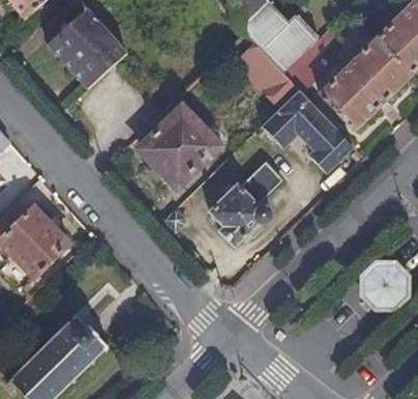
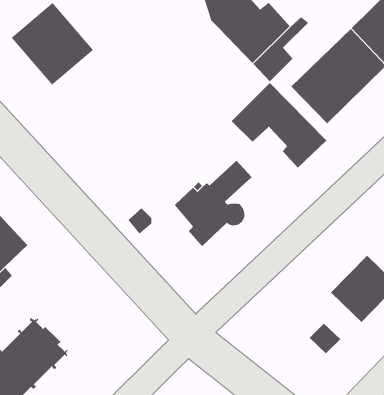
building: [230,36,299,107] -> none
building: [143,113,219,189] -> none

